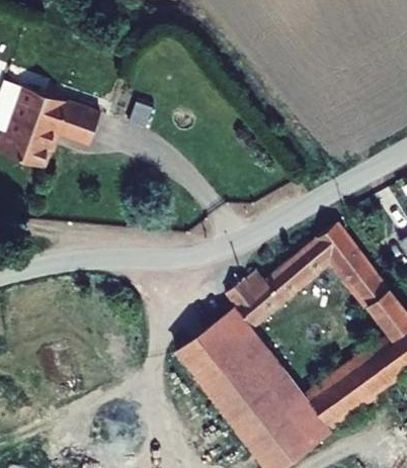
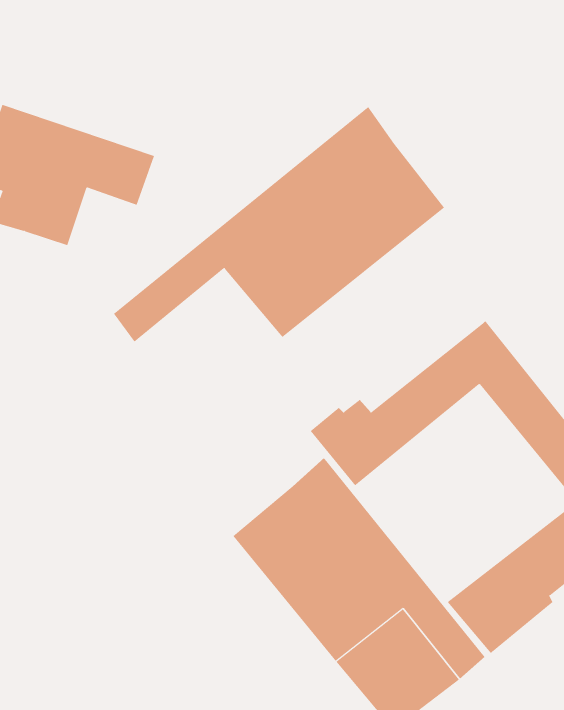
building: none -> [113,106,445,342]

